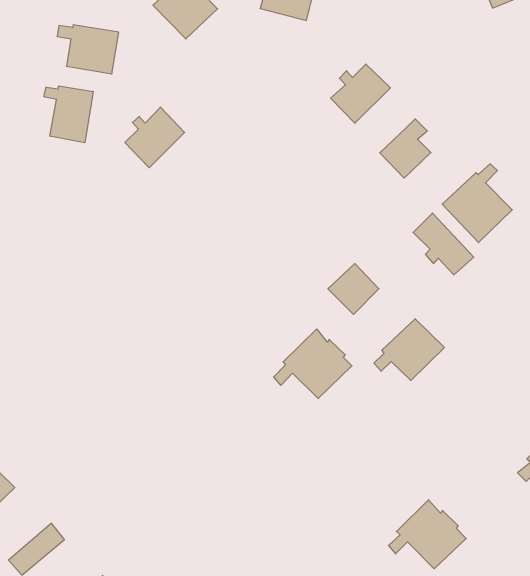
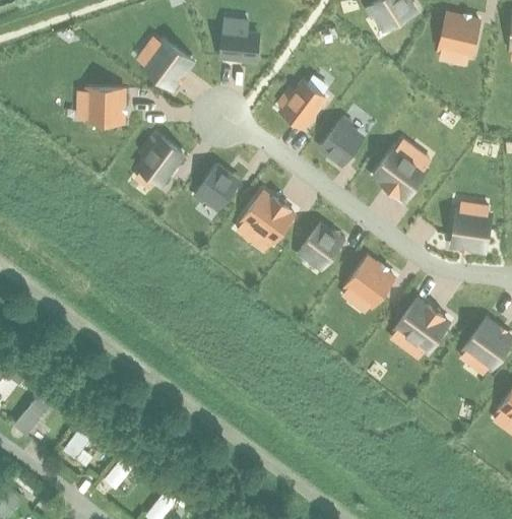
building: [44,86,93,143] -> none
building: none -> [200,170,236,206]
building: [413,213,474,275] -> none
building: [274,329,352,399] -> [238,193,293,243]
building: [388,500,466,569] -> [392,303,447,351]

